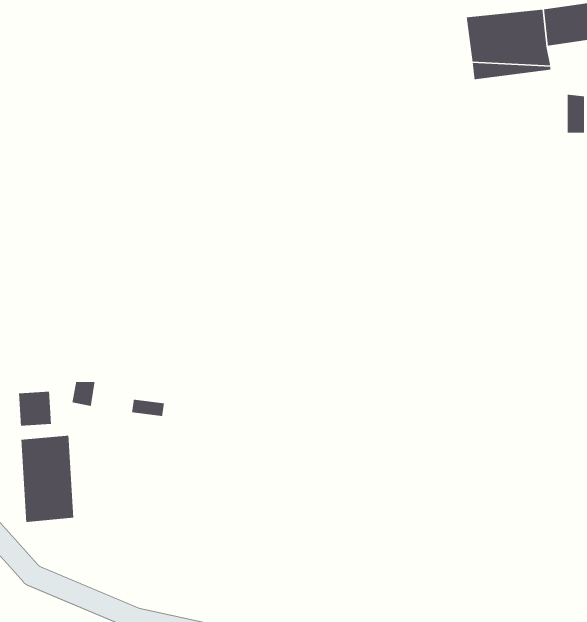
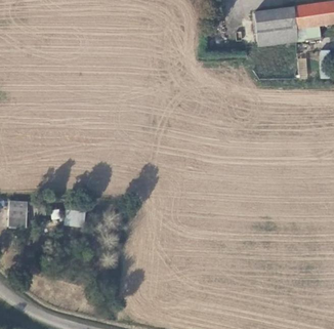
building: [21,435,74,523] -> none

